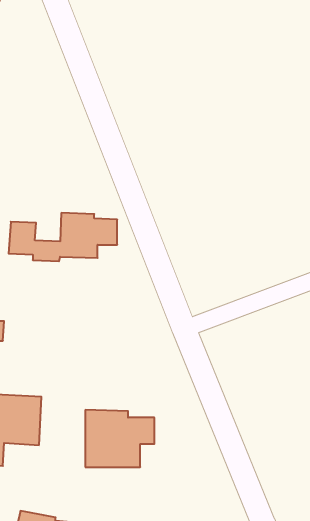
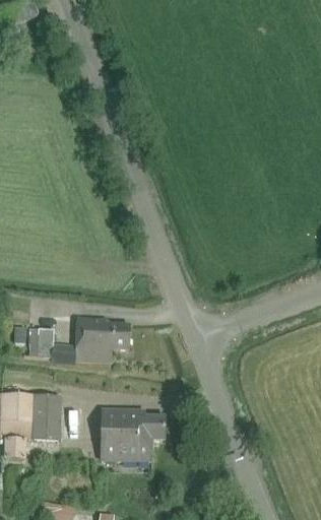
building: [9,213,117,261] -> [28,318,129,363]

